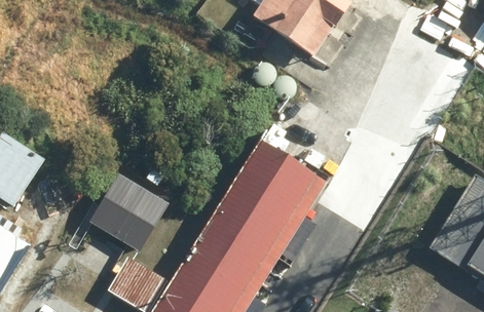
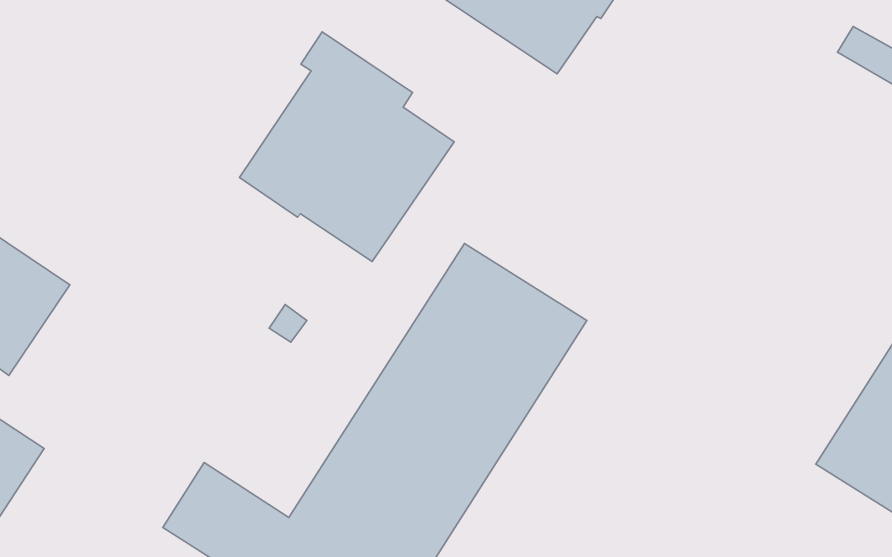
building: none -> [239,32,454,261]
building: [82,170,161,248] -> none

